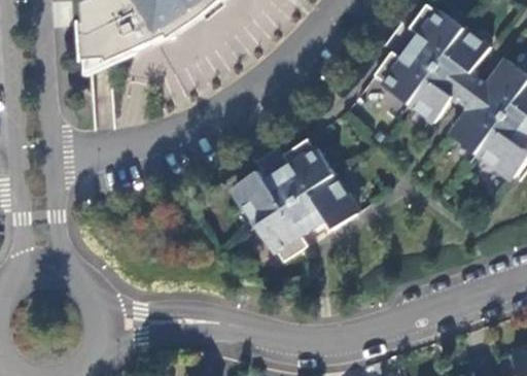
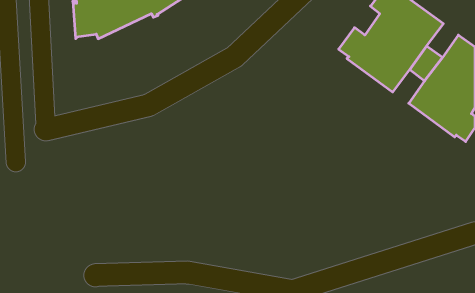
building: [233,138,355,262] -> none

